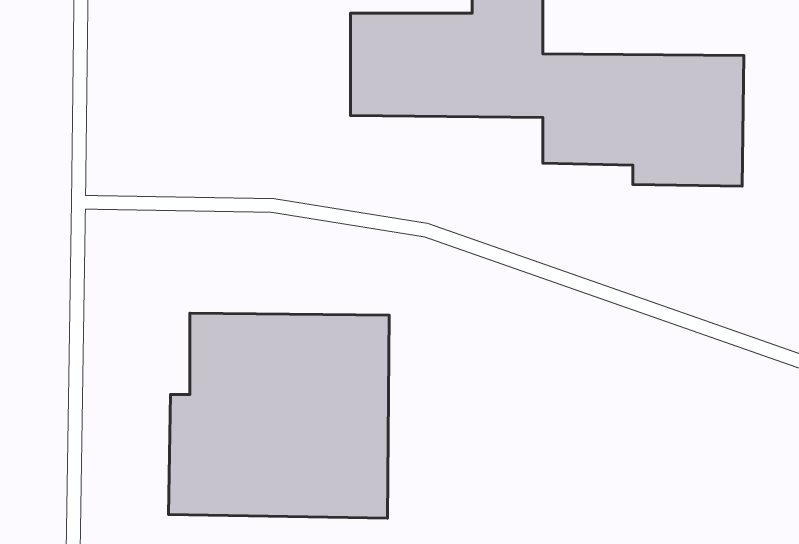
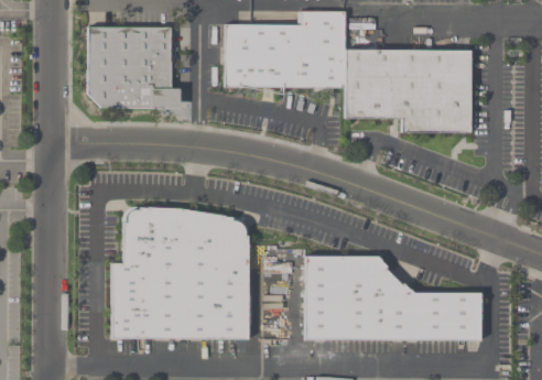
building: none -> [87,26,180,108]
building: none -> [305,256,481,340]

